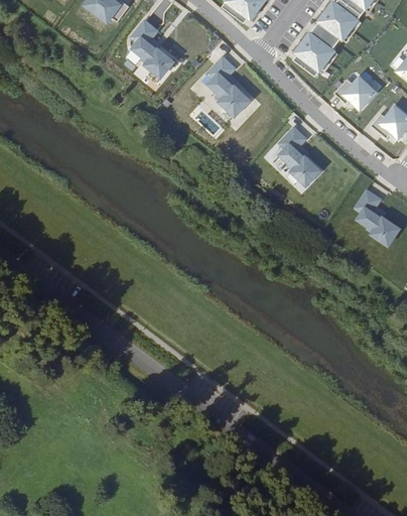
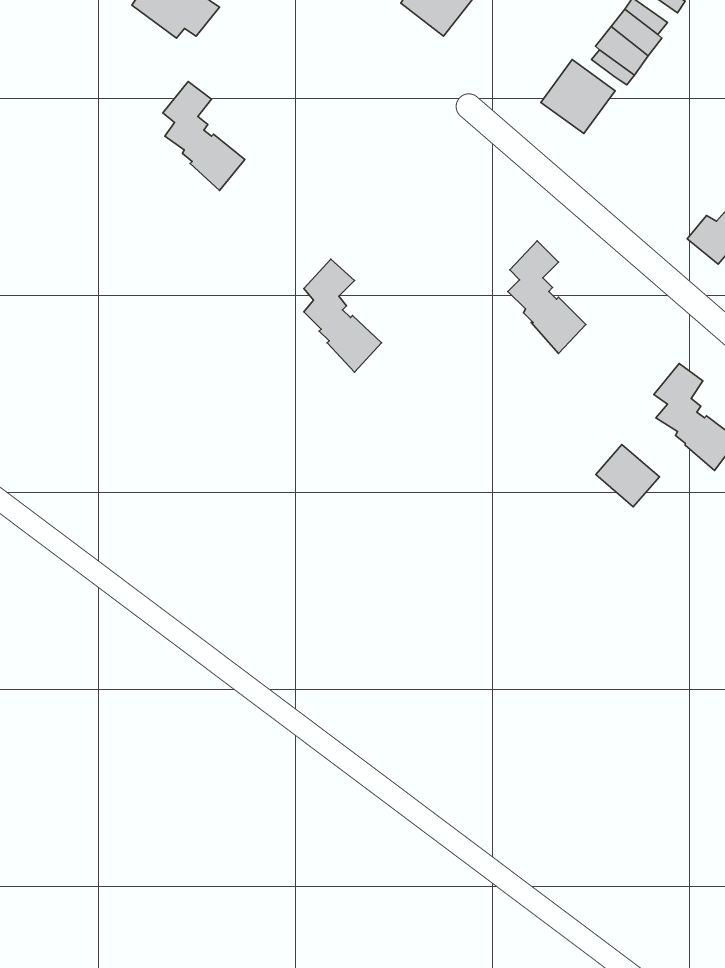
building: [133,20,175,77] -> [163,82,245,191]
building: [210,56,250,115] -> [304,259,382,372]
building: [335,76,377,108] -> none
building: none -> [596,444,659,507]

